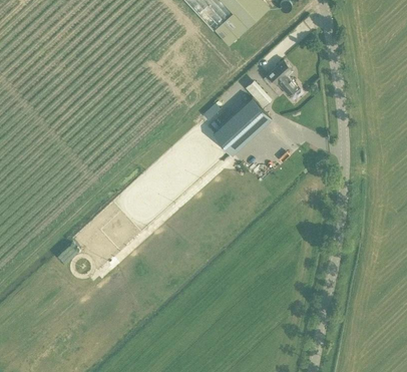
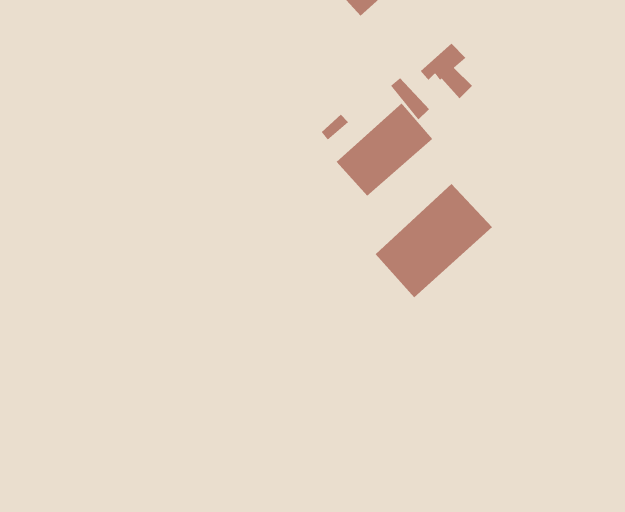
building: none -> [375,183,493,298]

